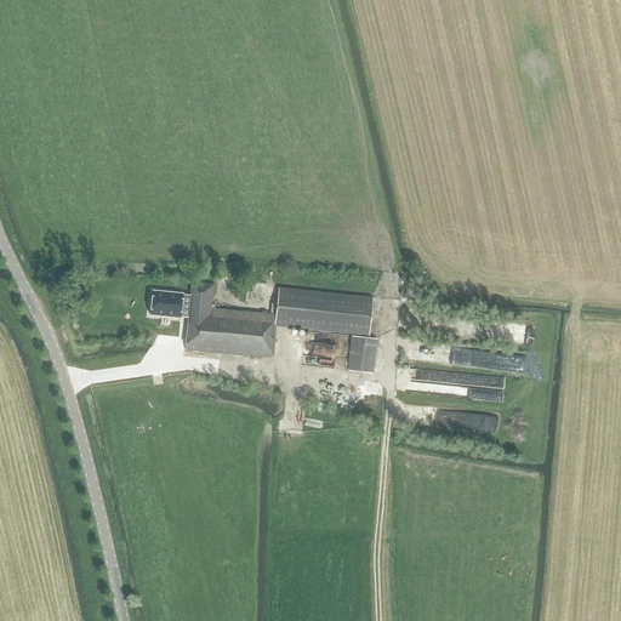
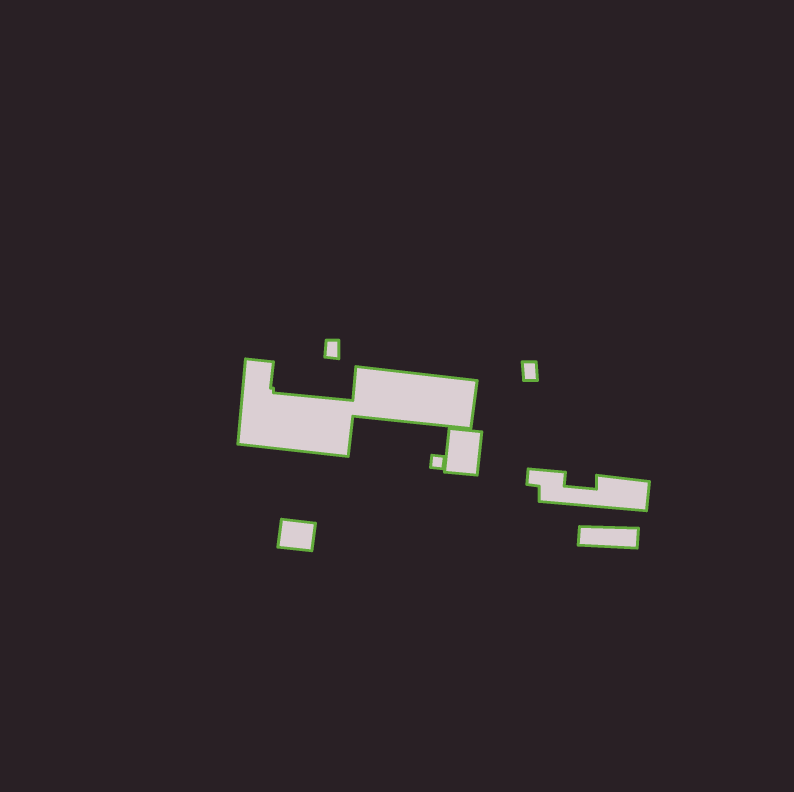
building: [149,290,182,317] -> none
building: none -> [278,519,315,551]

